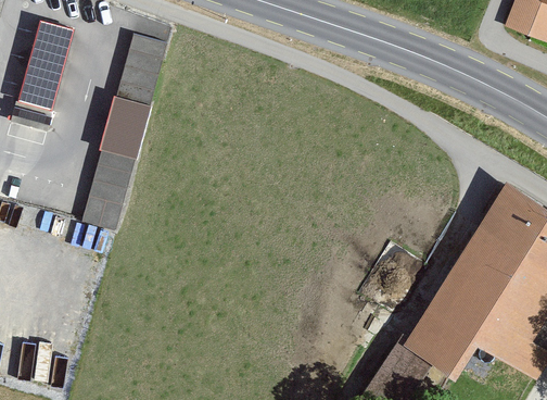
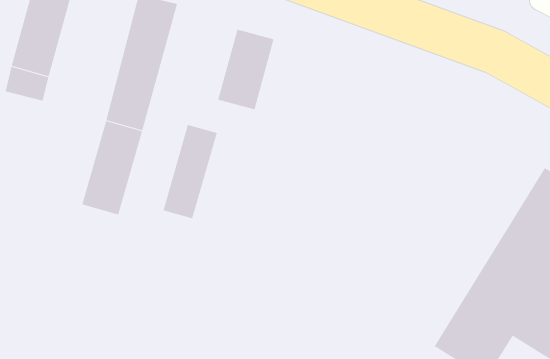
building: none -> [218,29,274,110]
building: none -> [163,124,217,219]

